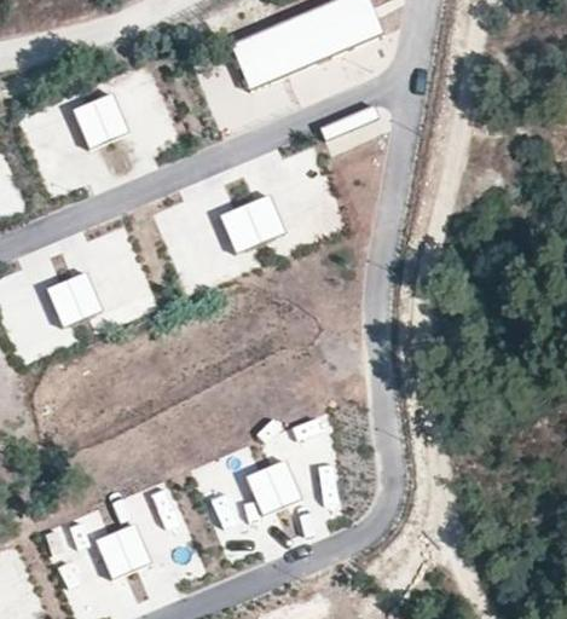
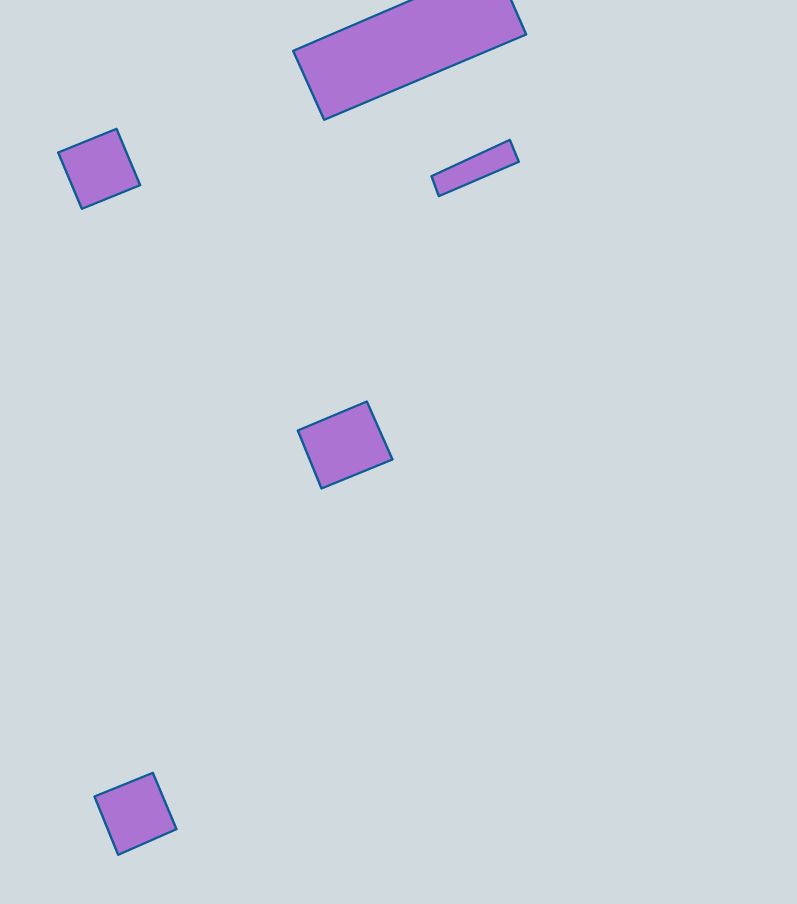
building: [221,196,284,254] -> [298,401,392,489]
building: [48,273,103,328] -> none
building: [247,459,301,514] -> none

